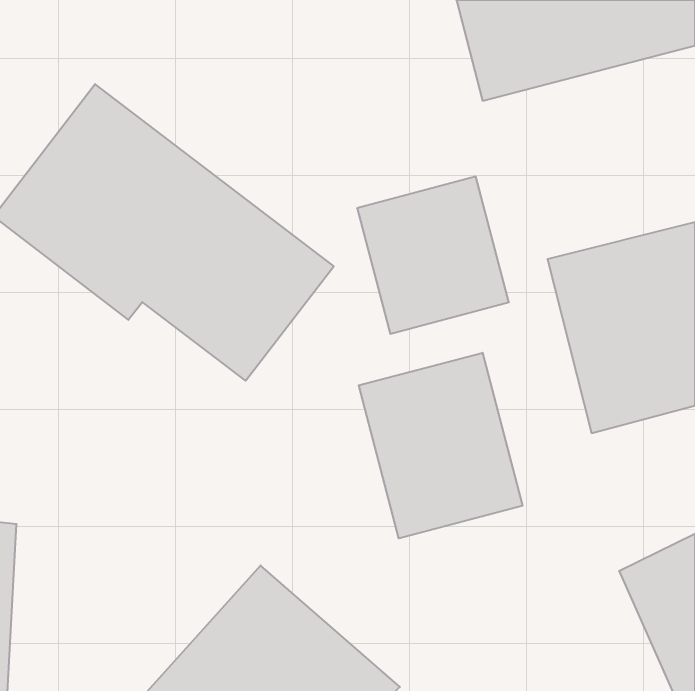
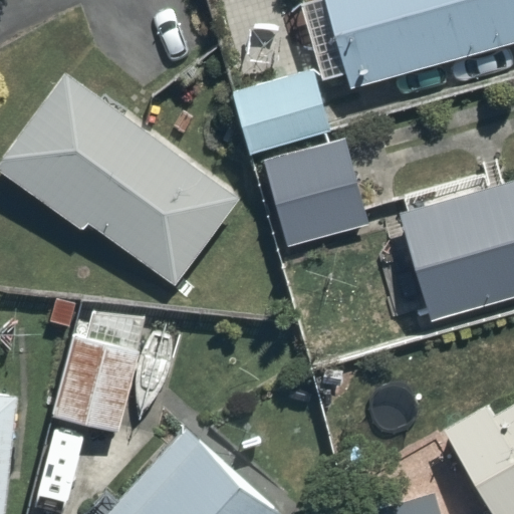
building: none -> [221,68,328,153]
building: [359,353,522,538] -> none
building: none -> [43,328,152,448]

